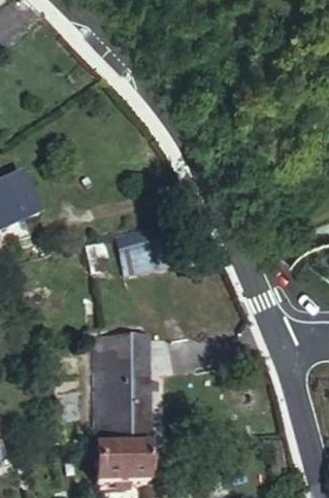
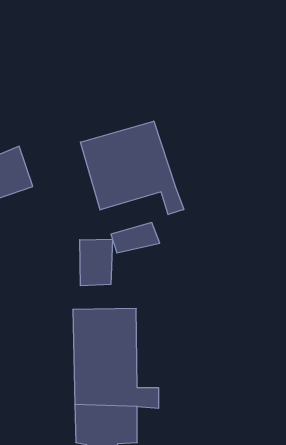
building: none -> [80,121,184,215]
building: none -> [80,239,112,286]

